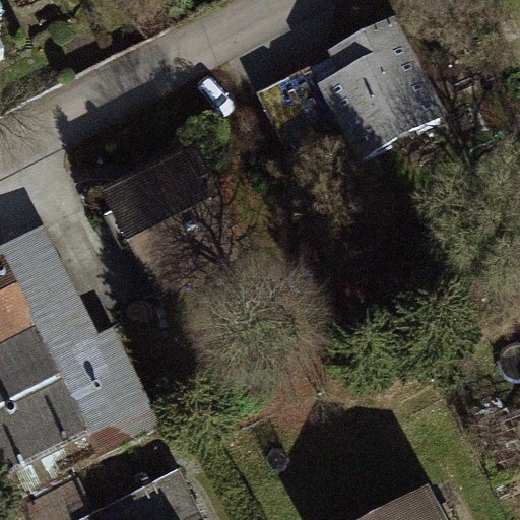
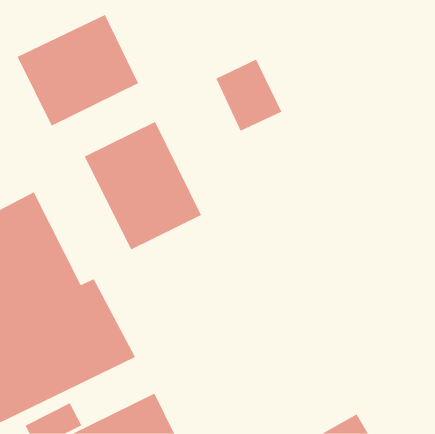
building: [311,12,447,164] -> none
building: none -> [17,14,139,126]

